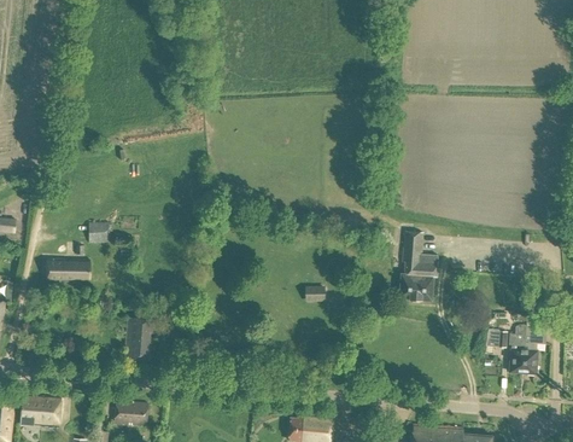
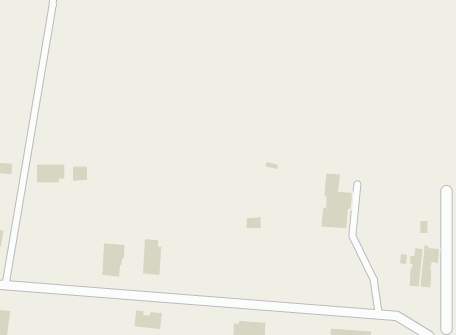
building: [48,258,84,283] -> [36,164,65,183]
building: none -> [142,238,162,276]
building: [19,395,60,426] -> none
building: [111,400,147,425] -> [134,309,163,330]

